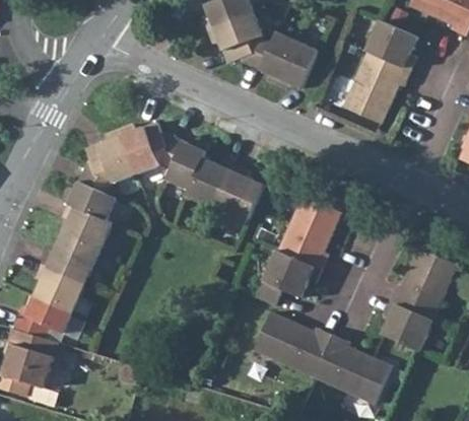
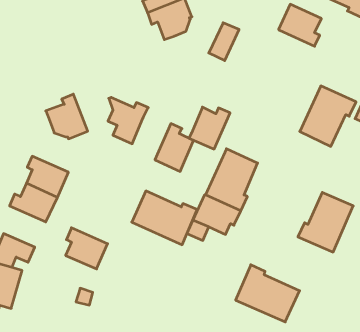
building: [241,32,299,86] -> none
building: [342,52,410,125] -> [300,86,356,146]
building: [119,122,166,173] -> none
building: [187,157,237,208] -> [189,107,230,149]
building: [63,161,117,220] -> none
building: [35,264,85,313] -> [66,228,108,269]
building: [381,301,433,351] -> none
building: [254,312,333,377] -> [132,191,197,245]

